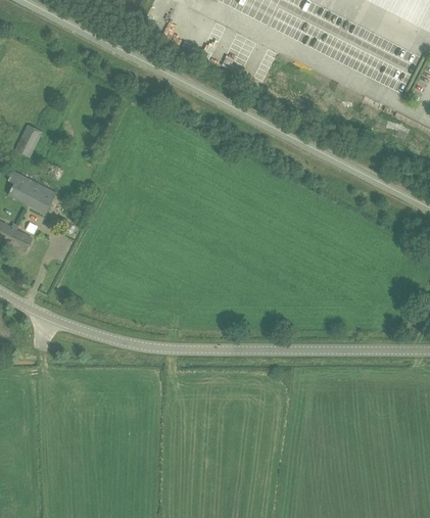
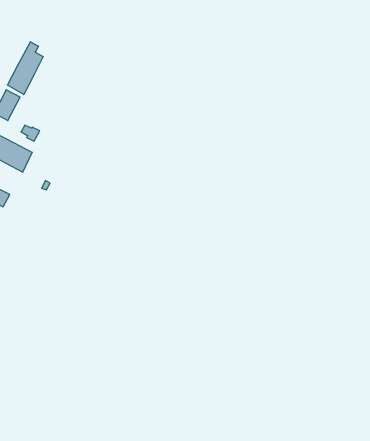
building: none -> [7,42,43,95]

